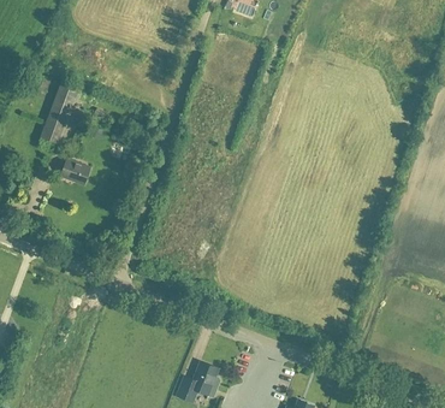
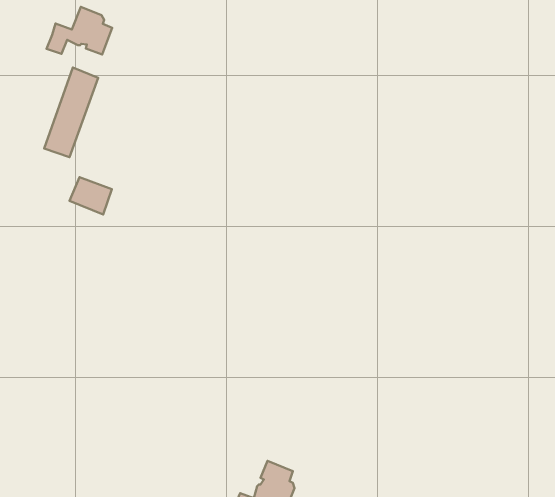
building: none -> [47,7,112,55]

